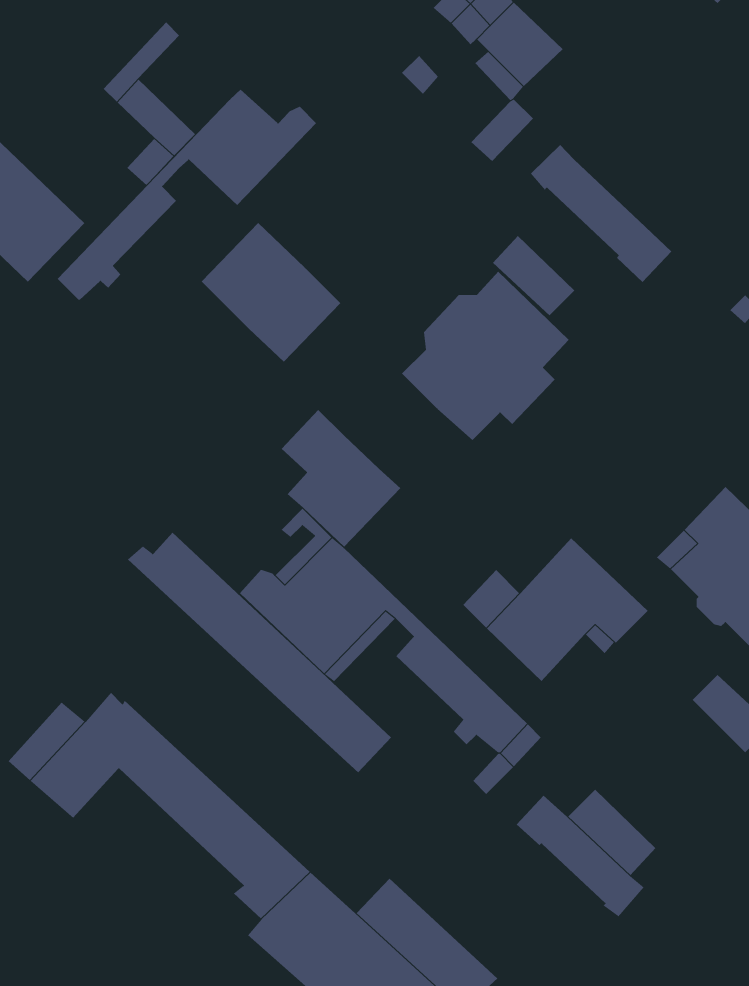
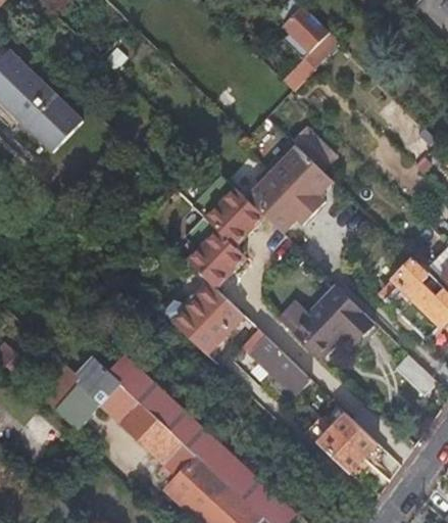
building: [57,89,317,300] -> none
building: [530,144,672,283] -> none
building: [201,222,341,363] -> [192,176,264,248]
building: [127,532,392,773] -> [103,353,240,478]

